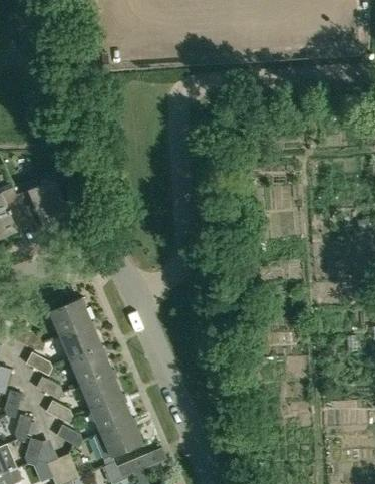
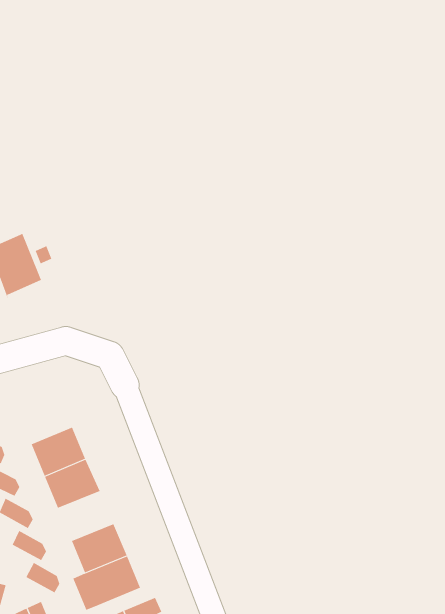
building: [49,297,91,335] -> none
building: [80,371,122,408] -> none

